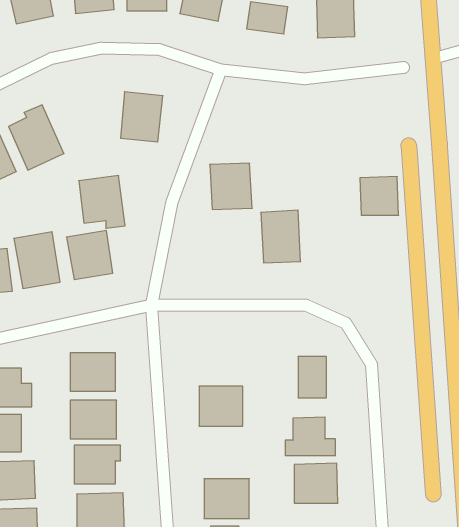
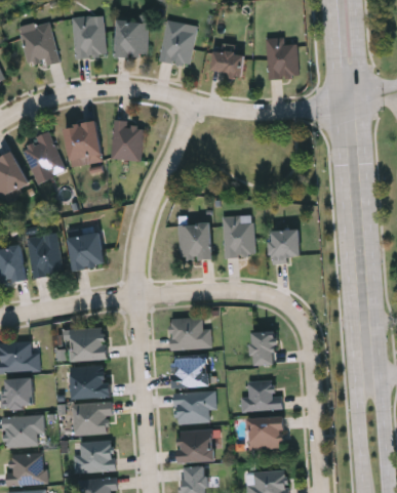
building: [210,163,252,209] -> [178,223,212,260]
building: [79,176,125,228] -> [65,121,102,163]
building: [360,177,399,215] -> [270,230,301,260]
building: none -> [170,318,211,350]
building: none -> [175,392,214,423]

